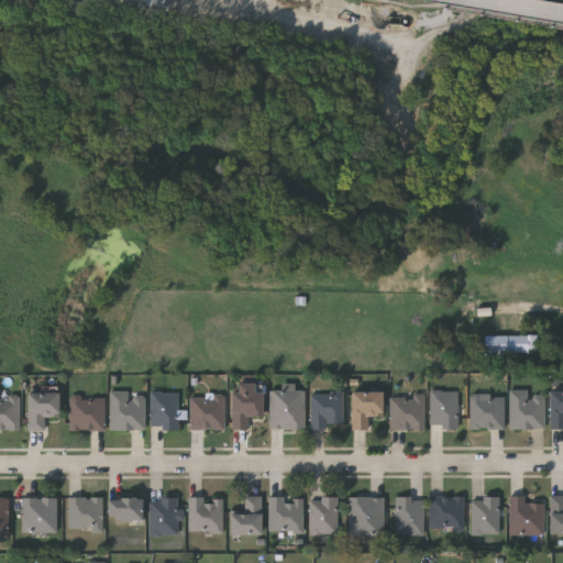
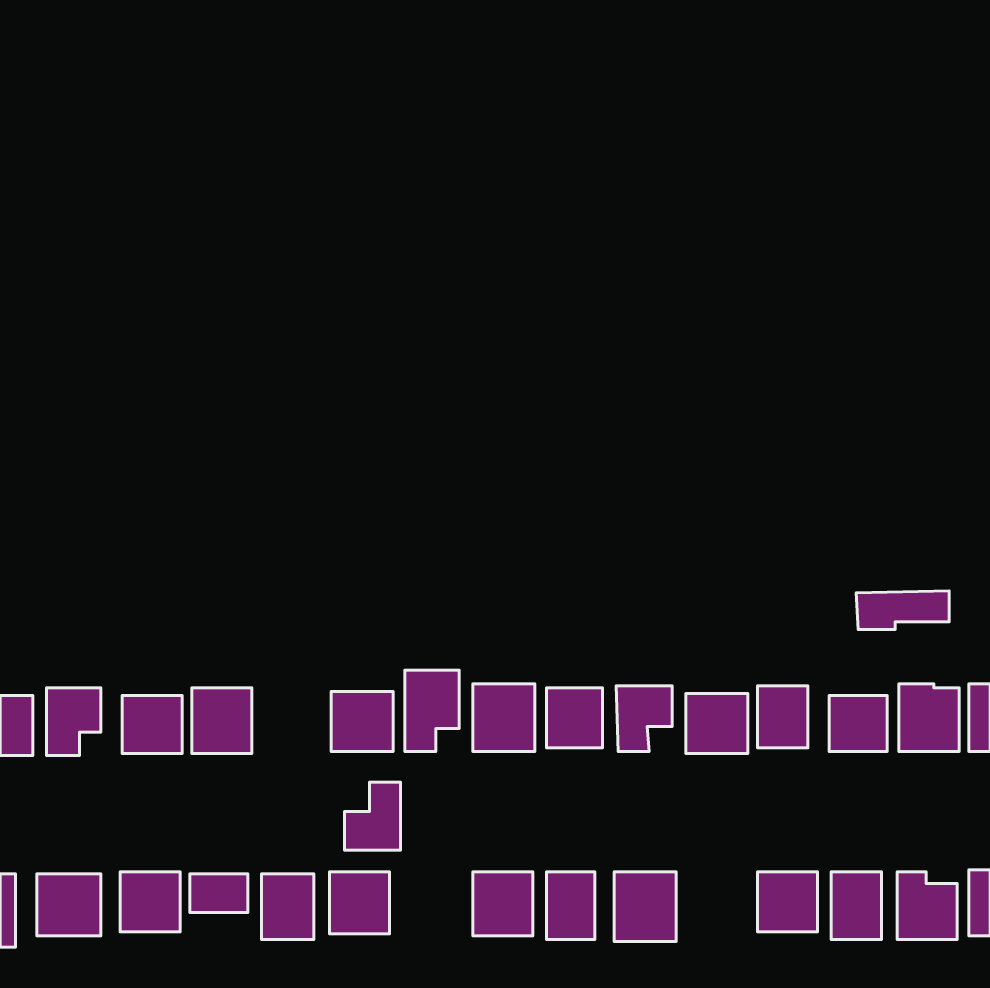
building: [148,391,176,428] -> none
building: [228,495,260,533] -> [344,782,401,850]
building: [396,496,423,534] -> none

